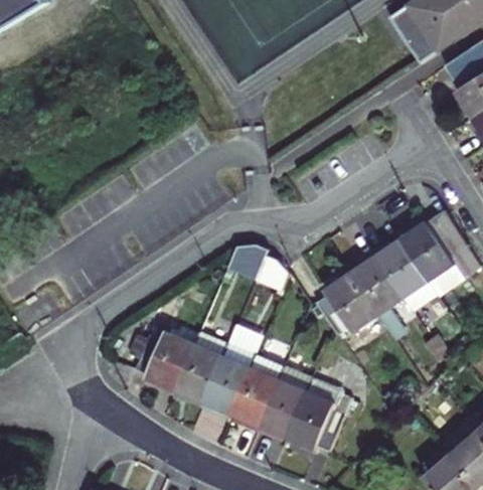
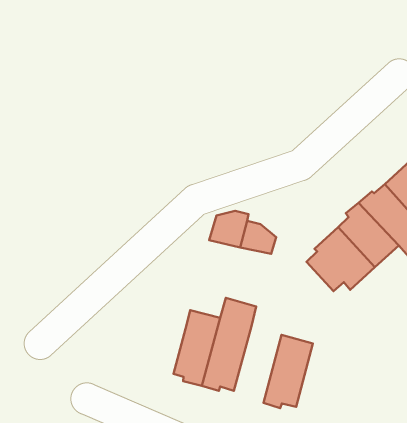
building: [136,326,194,389] -> none
building: [229,355,282,429] -> none
building: [286,377,350,451] -> none

